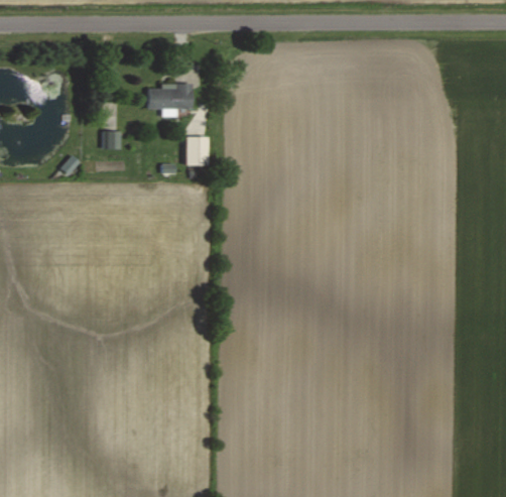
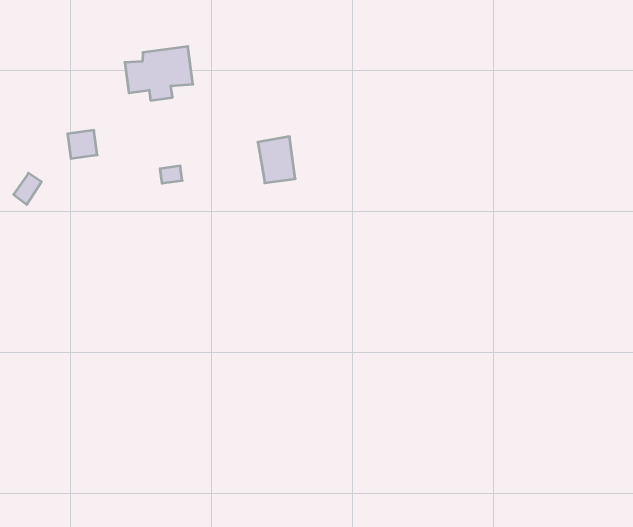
building: [185,136,208,165] -> [258,137,295,183]

